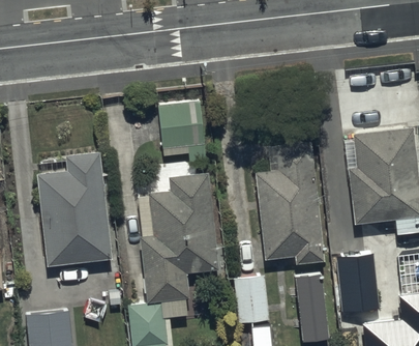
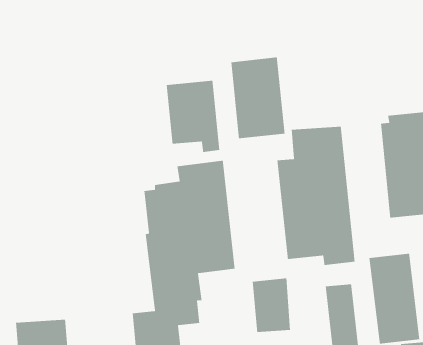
building: none -> [231,57,285,139]
building: [37,150,113,265] -> none

